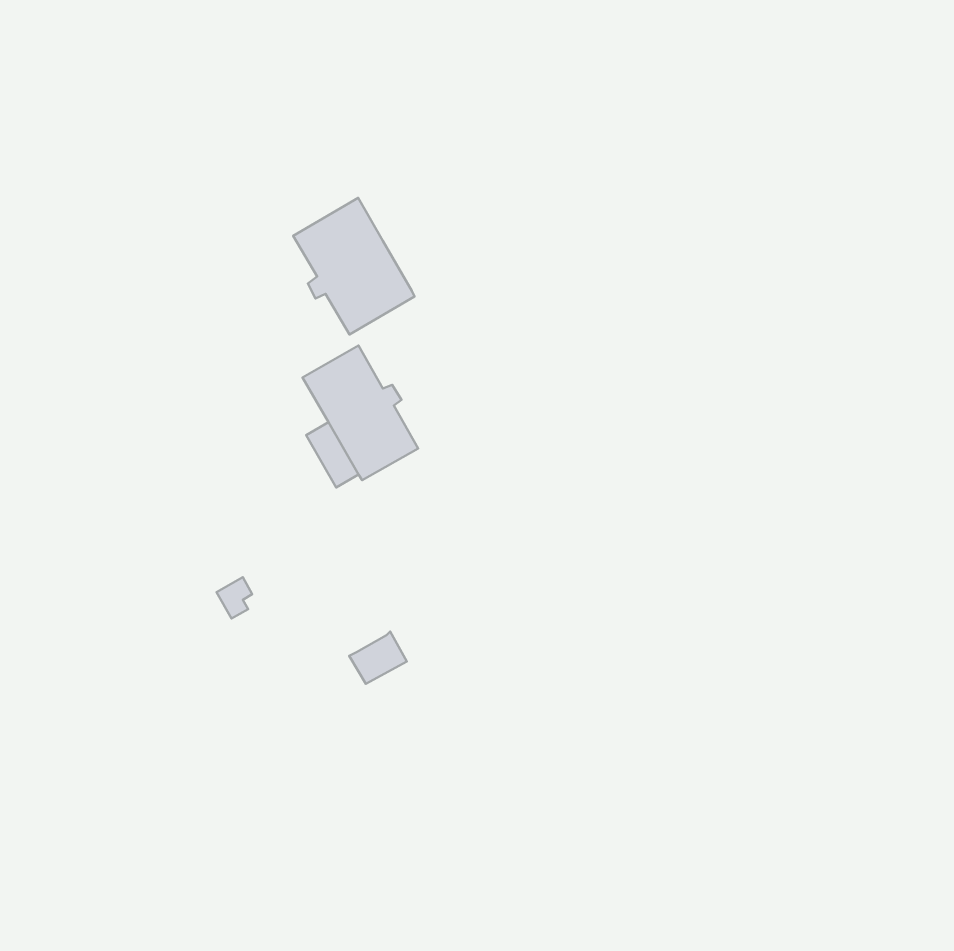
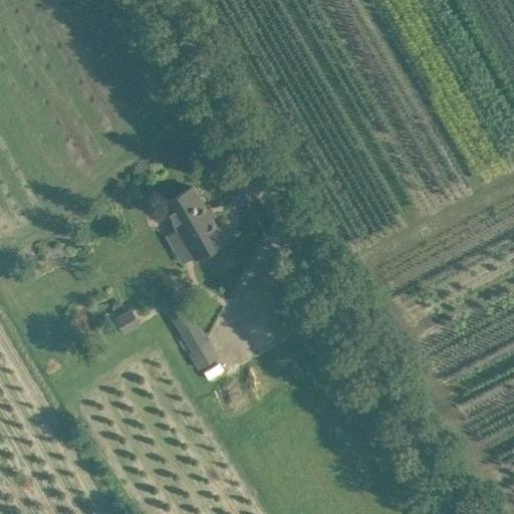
building: [293,198,415,335] -> none
building: none -> [167,299,208,352]

